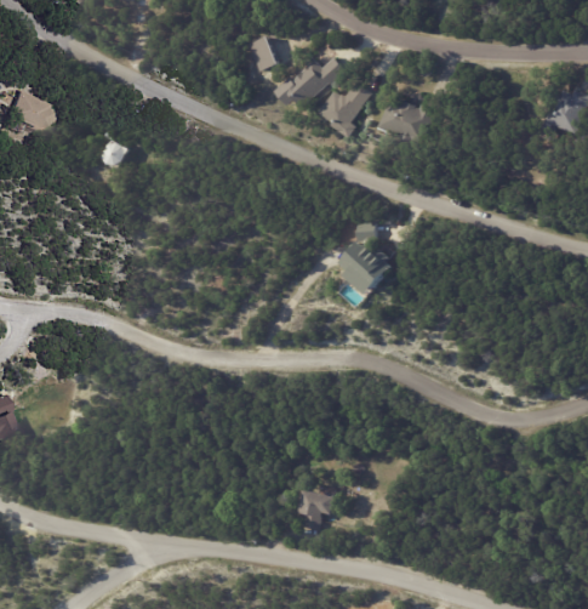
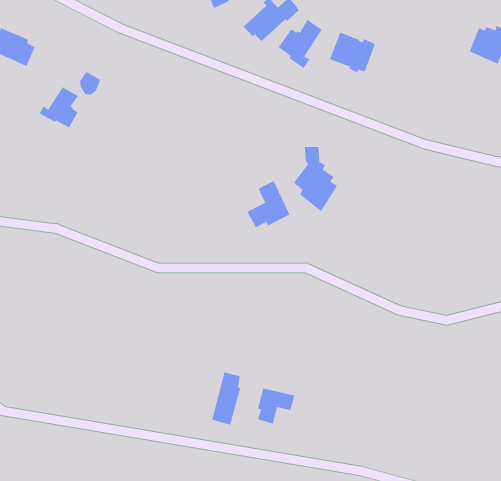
building: none -> [39,87,79,128]
building: none -> [247,180,290,229]
building: none -> [212,371,241,426]

